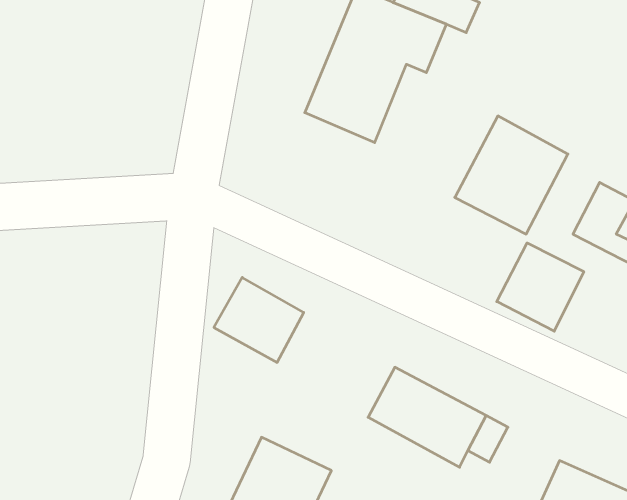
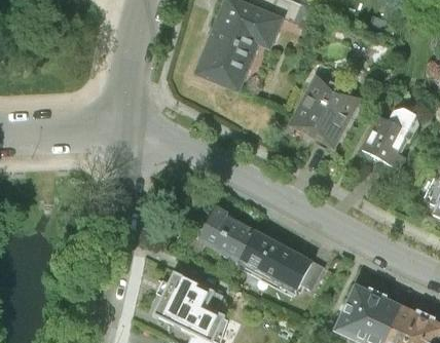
building: [497,243,584,331] -> none
building: [214,277,304,362] -> [197,207,253,260]

